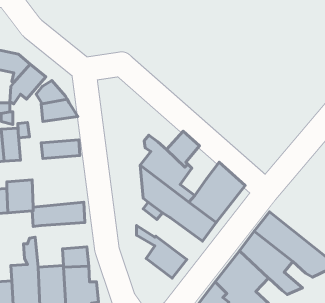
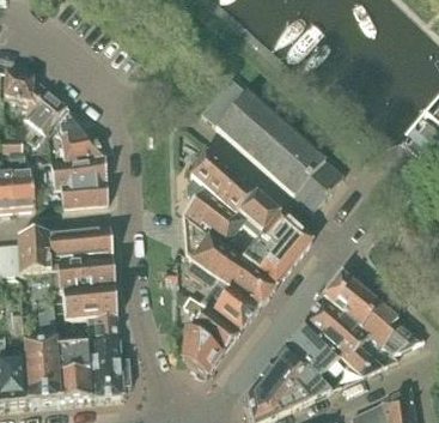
building: none -> [202,78,343,211]
building: none -> [191,147,236,195]
building: none -> [51,155,108,187]
building: none -> [239,191,280,231]
building: none -> [50,226,114,266]
building: none -> [202,279,260,331]
building: none -> [61,285,117,320]
building: none -> [182,326,222,375]

